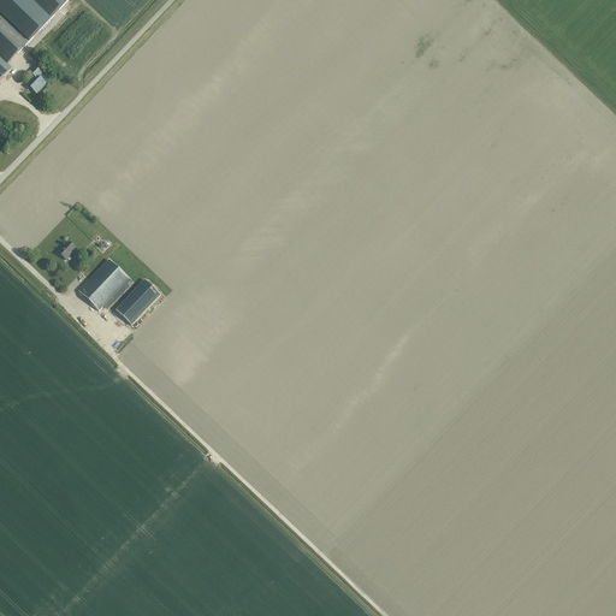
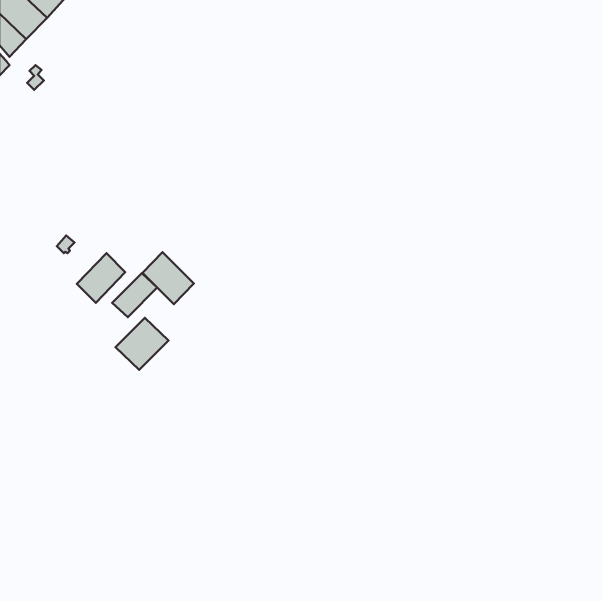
building: none -> [142,252,194,304]
building: none -> [116,318,168,370]

